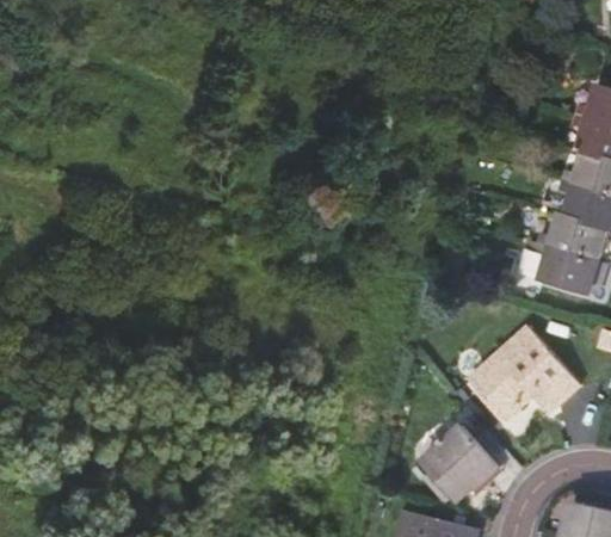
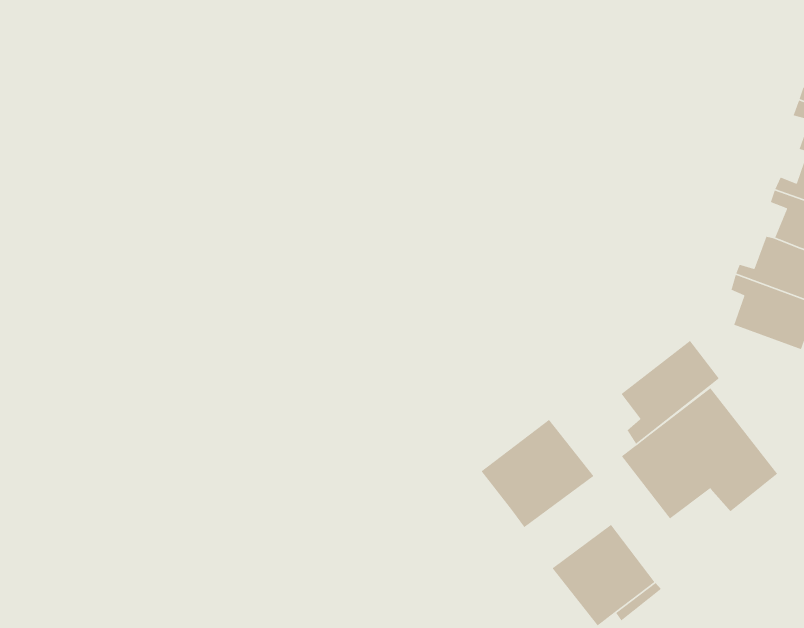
building: none -> [621,340,720,445]
building: none -> [481,419,594,528]

